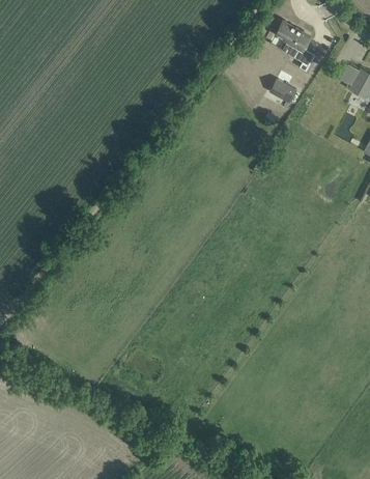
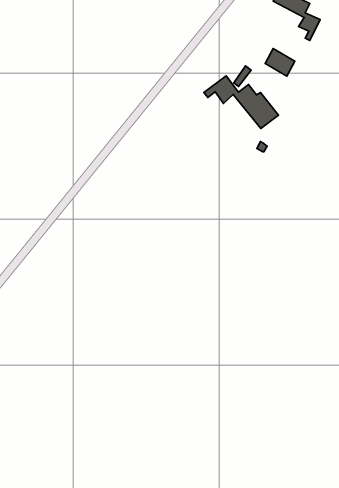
building: none -> [204,76,278,128]

